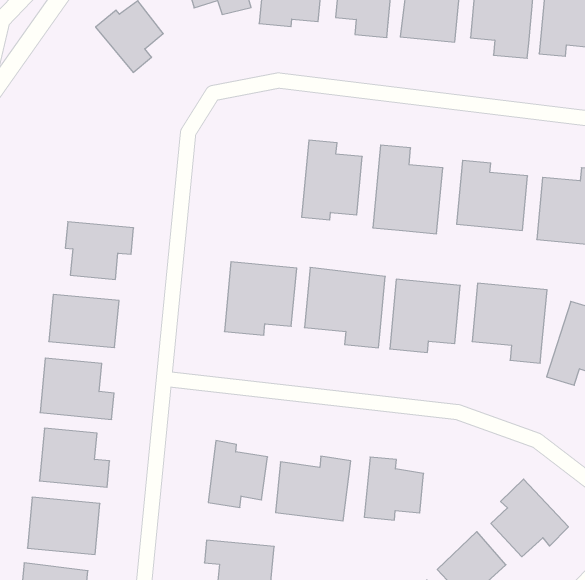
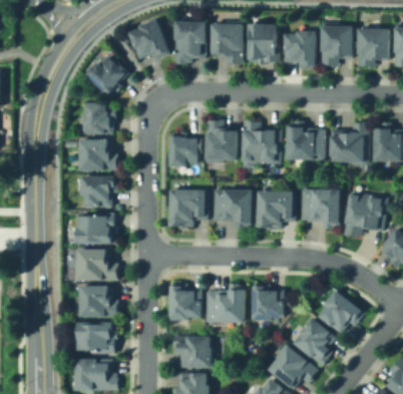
building: none -> [84,102,112,132]
building: none -> [79,141,115,169]
building: none -> [168,136,195,165]

